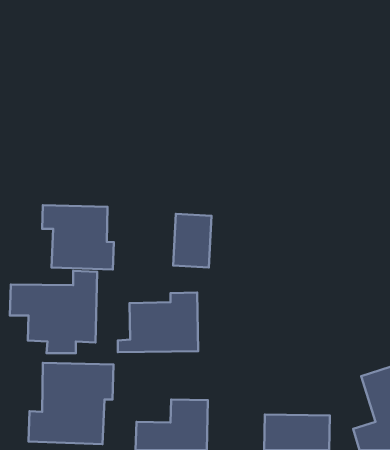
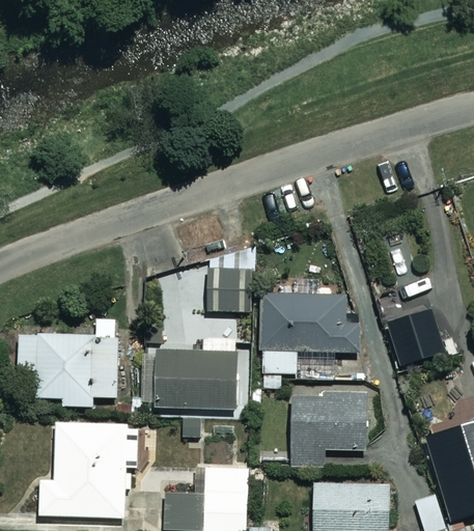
building: [42,205,114,270] -> none
building: none -> [260,294,359,379]
building: none -> [385,303,441,358]
building: none -> [289,394,371,466]

